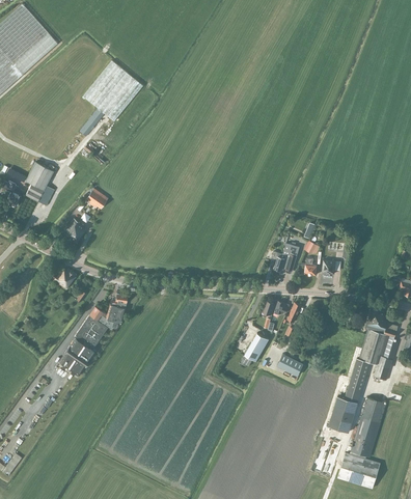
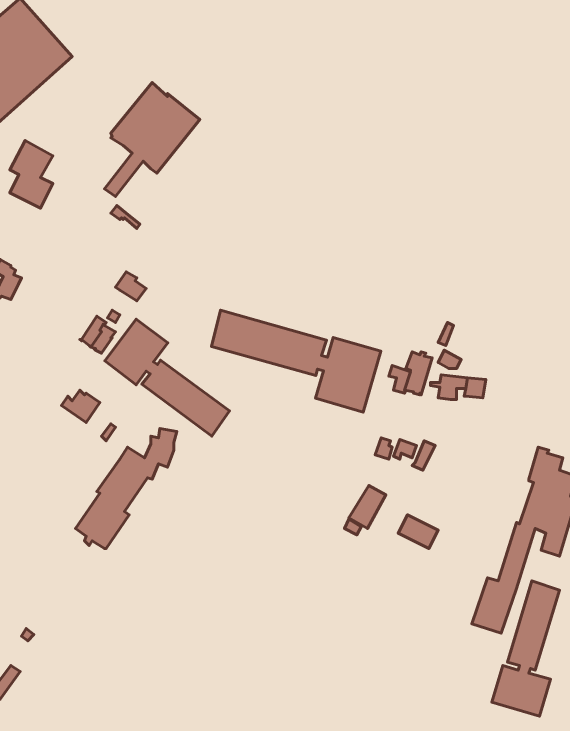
building: [25,161,54,206] -> [10,141,53,208]
building: none -> [211,310,381,412]
building: none -> [105,319,229,436]

